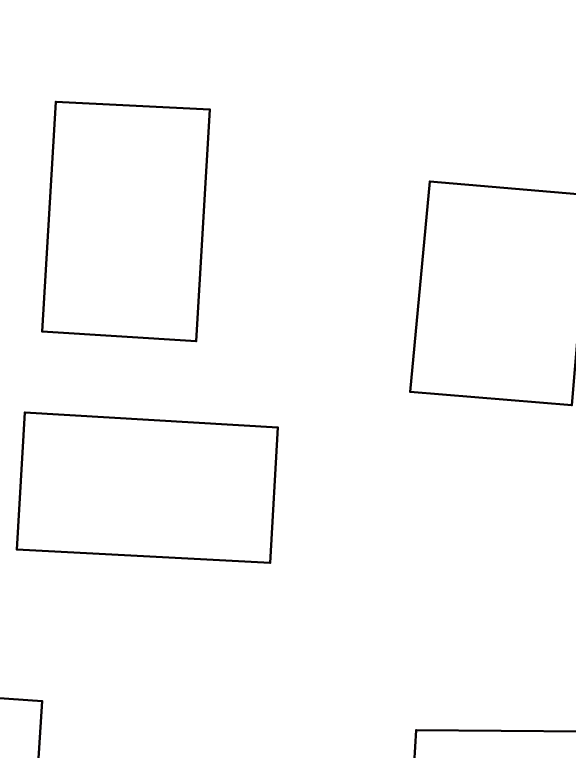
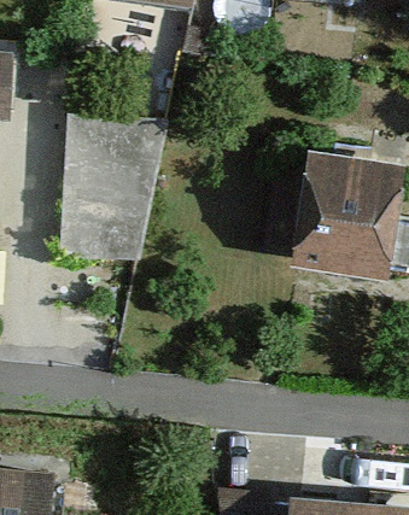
building: [17,413,278,563] -> none

